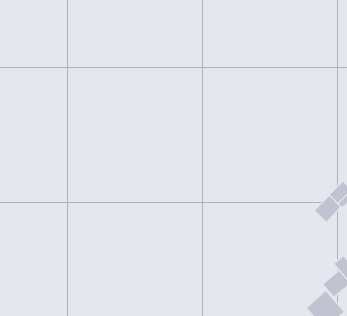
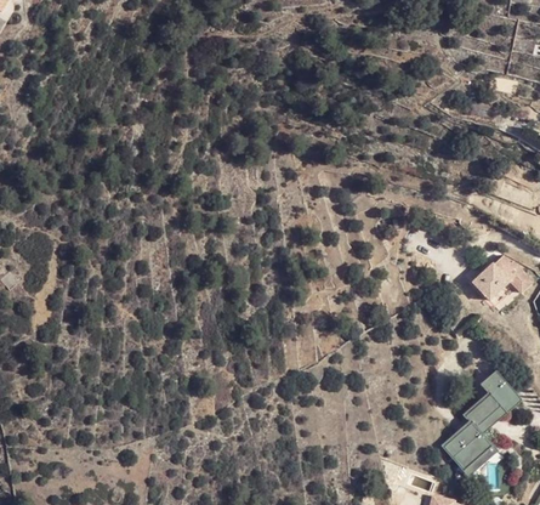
building: [314,195,341,222] -> none

